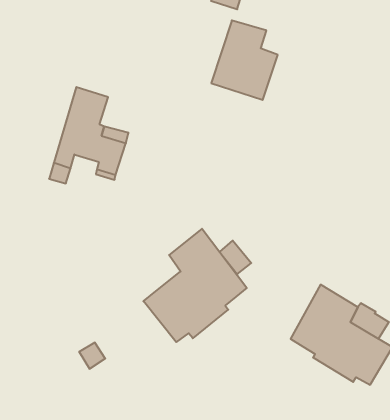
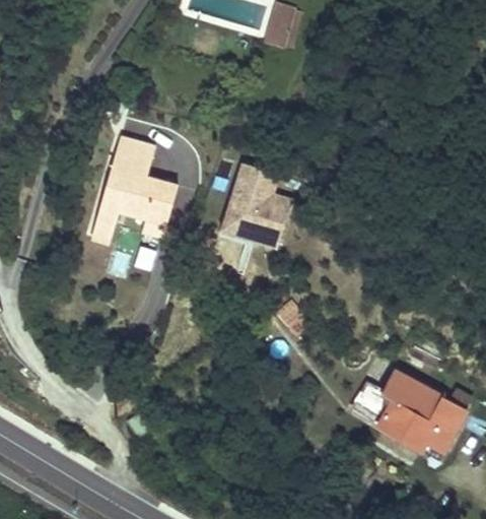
building: [211,20,278,100] -> [220,163,292,249]
building: [143,229,247,342] -> none

